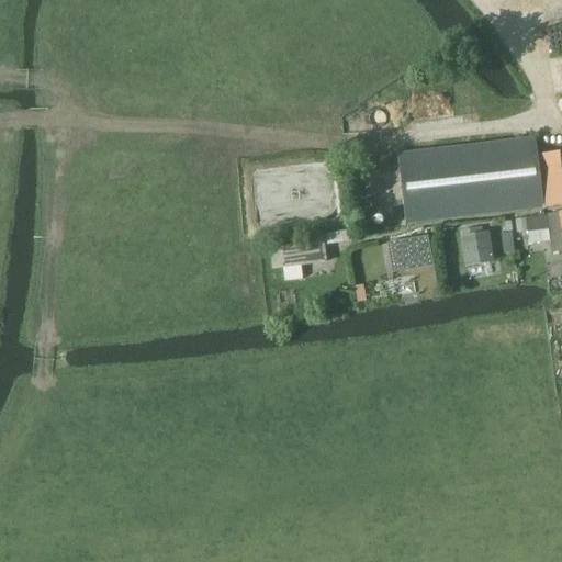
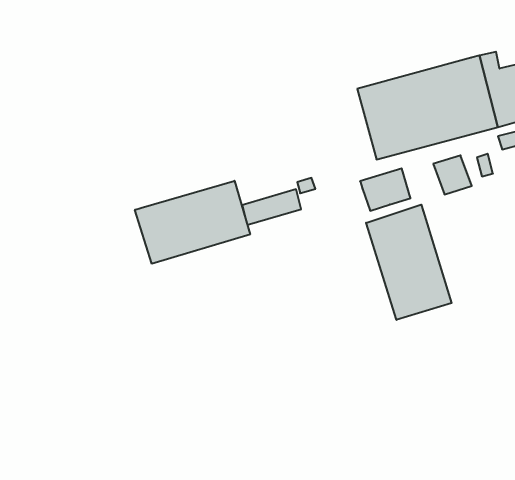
building: none -> [135,181,250,264]
building: none -> [366,205,452,320]

